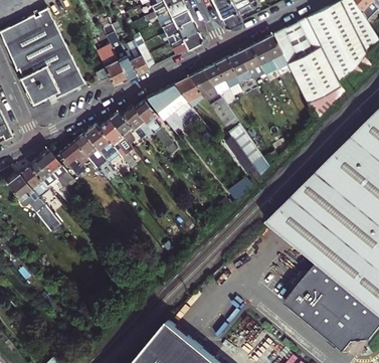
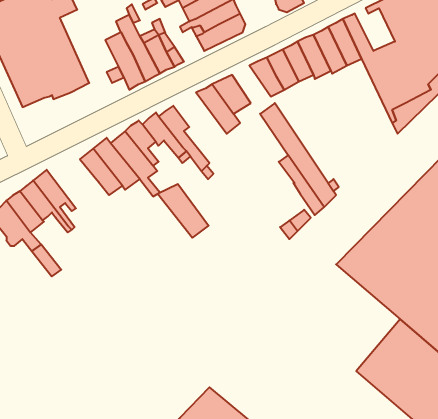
building: [283,26,314,58] -> none
building: [191,69,220,100] -> none
building: [149,89,187,130] -> [158,184,209,238]
building: [61,140,90,169] -> none

